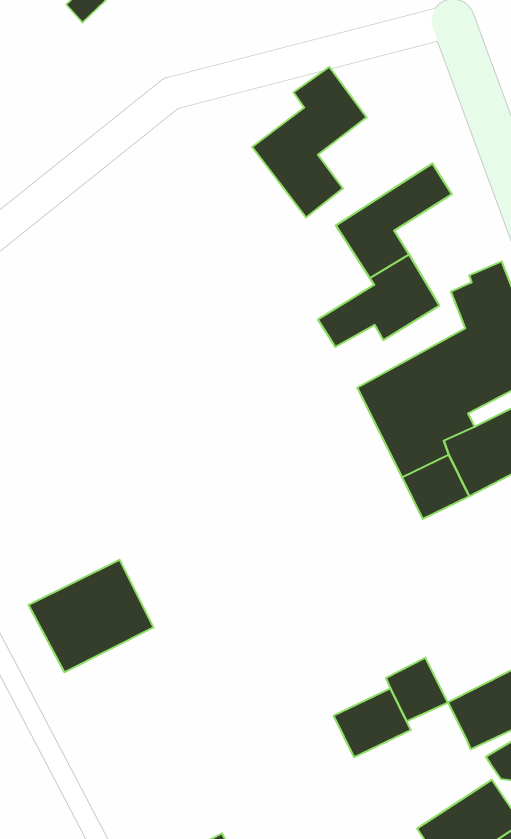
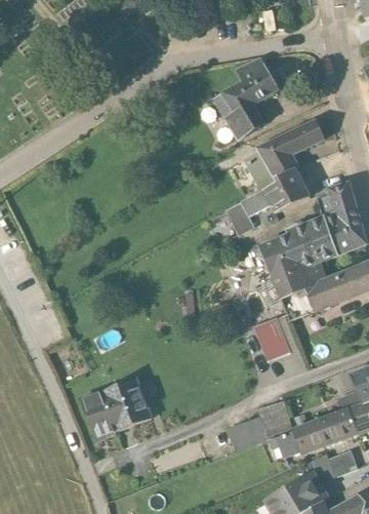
building: none -> [224,200,253,235]
building: none -> [253,317,288,360]
building: [28,560,154,672] -> [80,380,150,440]
building: none -> [268,425,300,453]

